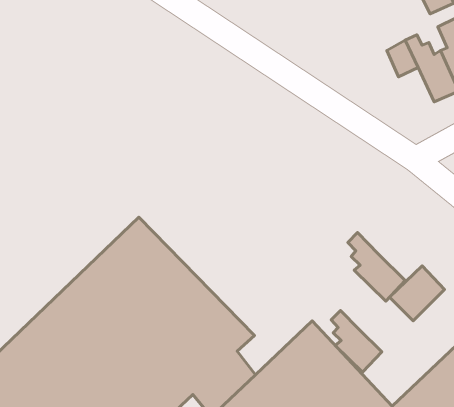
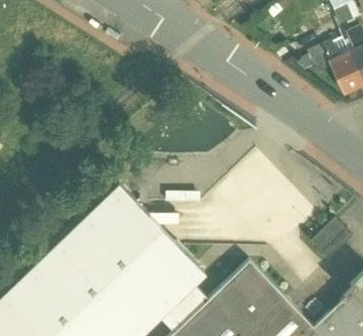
building: [348,233,405,301] -> none
building: [331,310,382,372] -> none

